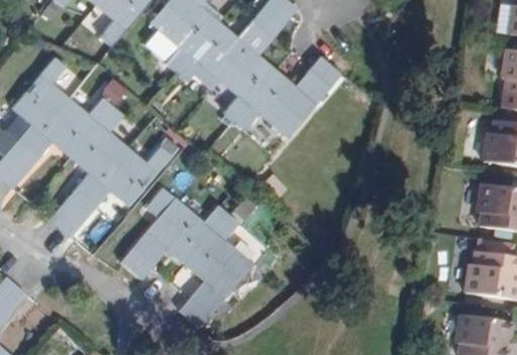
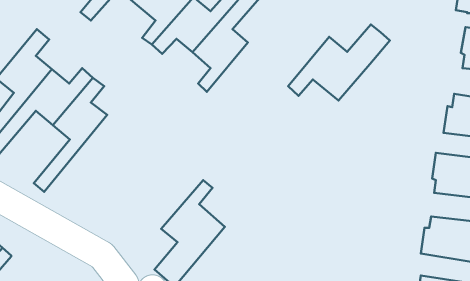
building: [233,55,341,136] -> [288,24,390,100]
building: [61,138,171,235] -> none
building: [120,187,229,277] -> none

